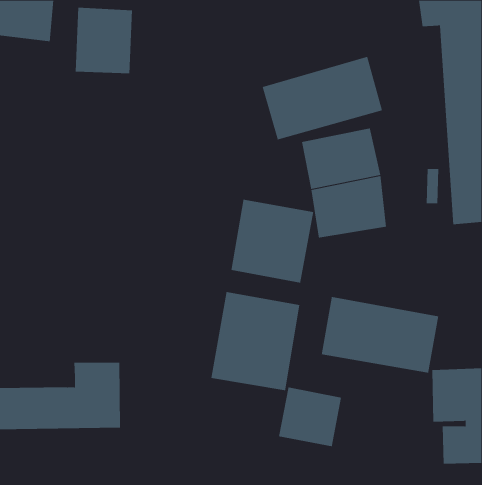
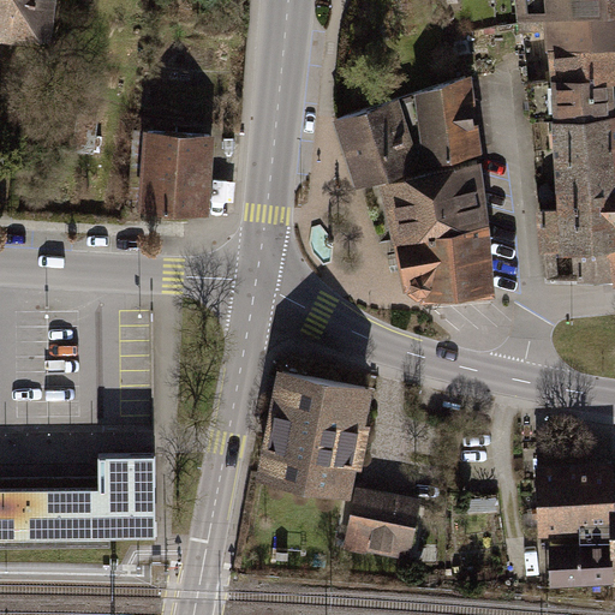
building: [75,7,133,74] -> [144,135,217,219]
building: [231,199,314,284] -> none
building: [321,296,439,374] -> none

